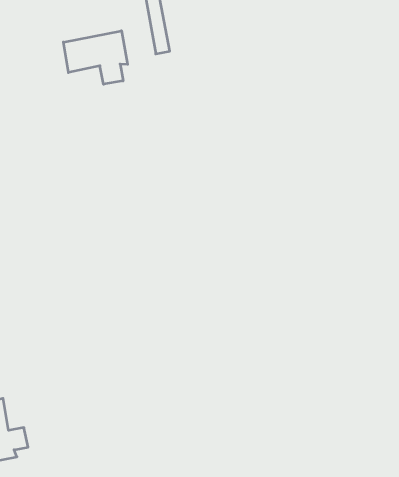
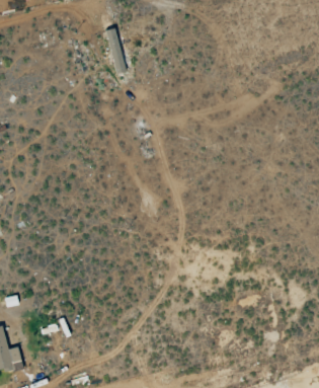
building: [63,31,128,84] -> none

